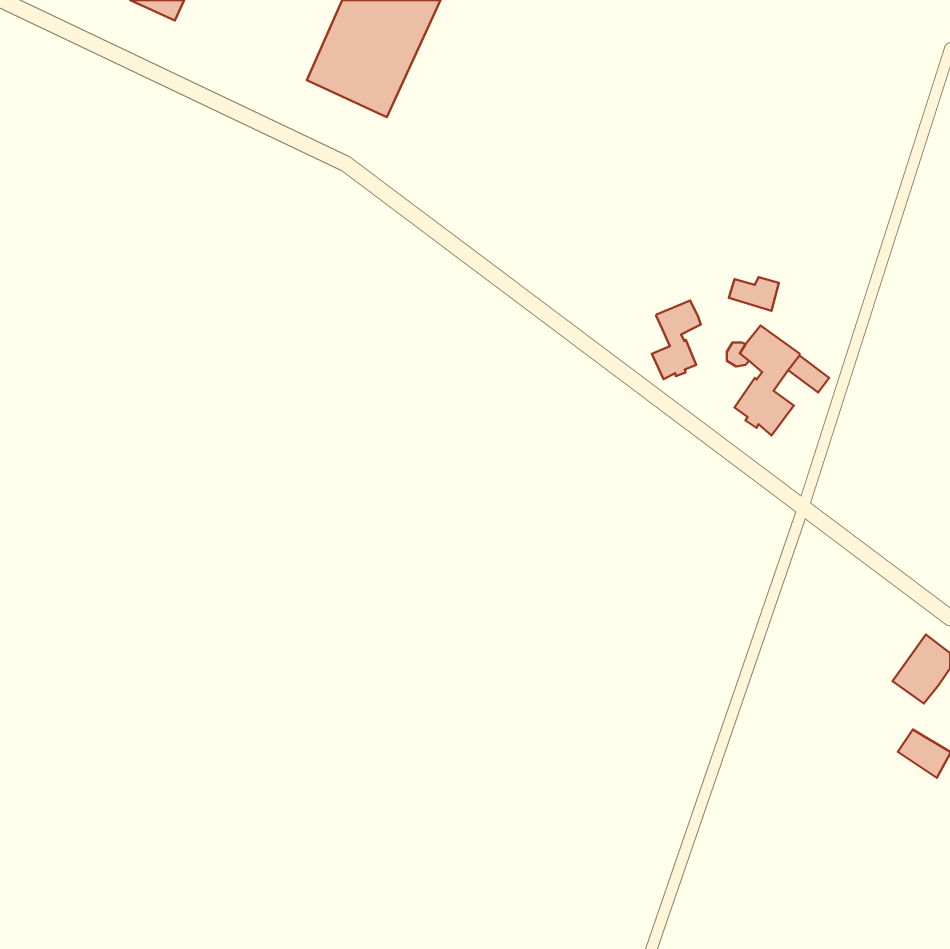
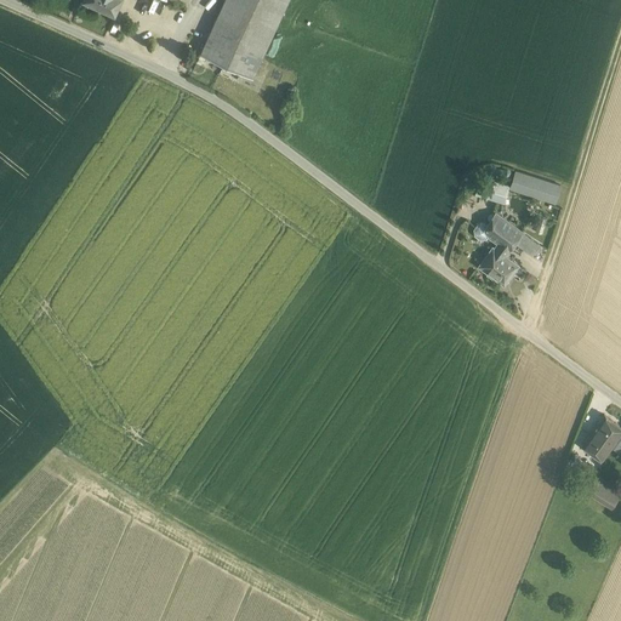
building: none -> [511,171,560,204]
building: [652,301,701,379] -> none

